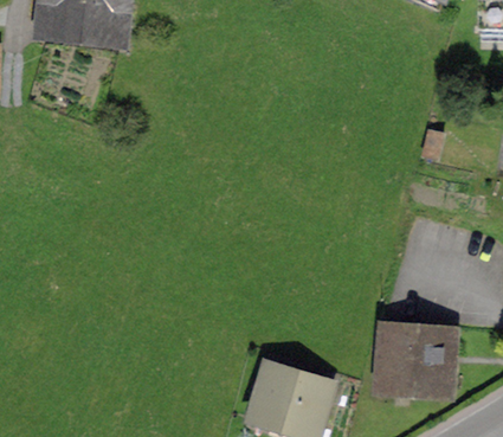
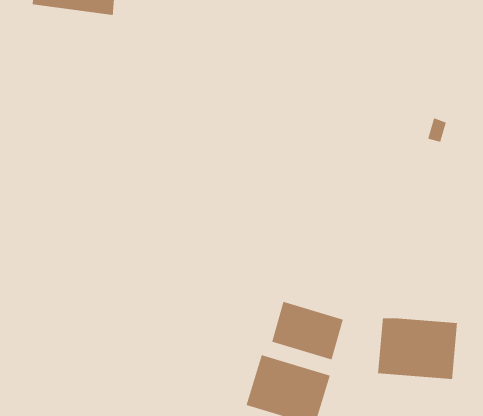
building: none -> [271,301,344,360]

